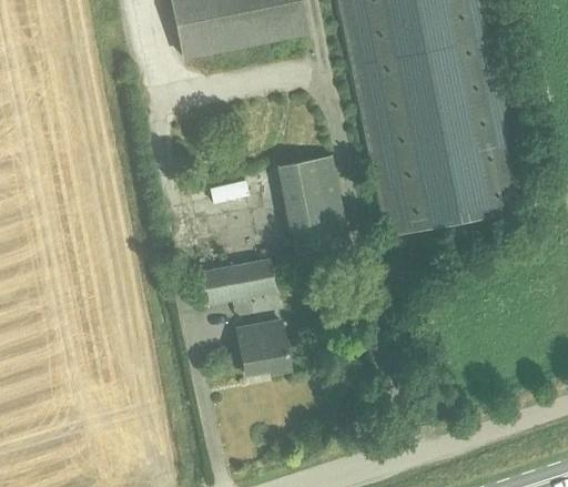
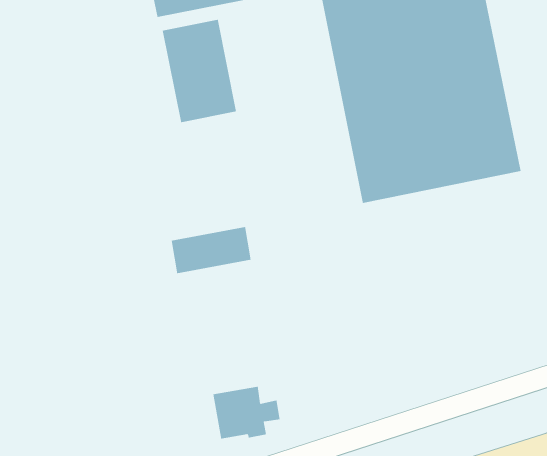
building: [277,154,349,254] -> [162,19,237,123]
building: [237,321,303,372] -> [212,386,281,439]

